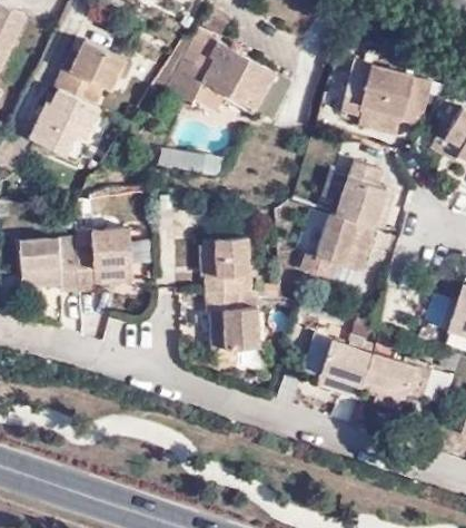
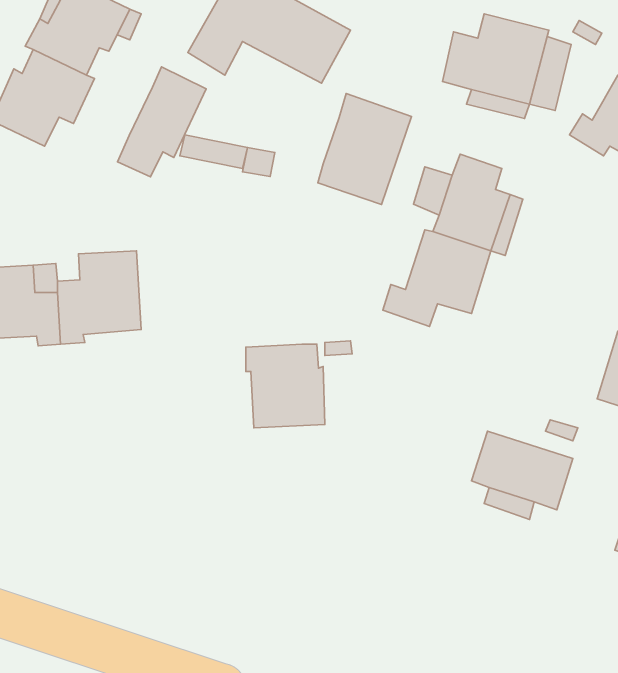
building: none -> [118,67,206,177]
building: none -> [318,94,412,204]
building: [202,237,251,294] -> none
building: [316,339,373,398] -> none

